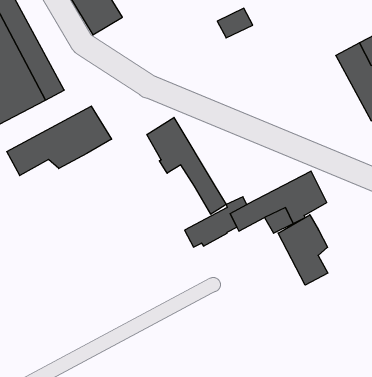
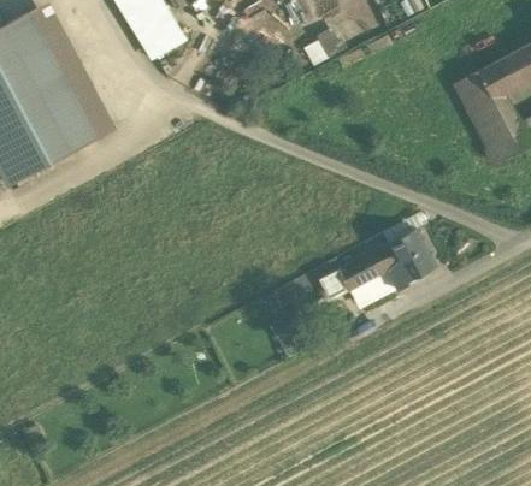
building: [7,106,112,176] -> none
building: [147,117,226,214] -> none
building: [278,215,328,285] -> none

